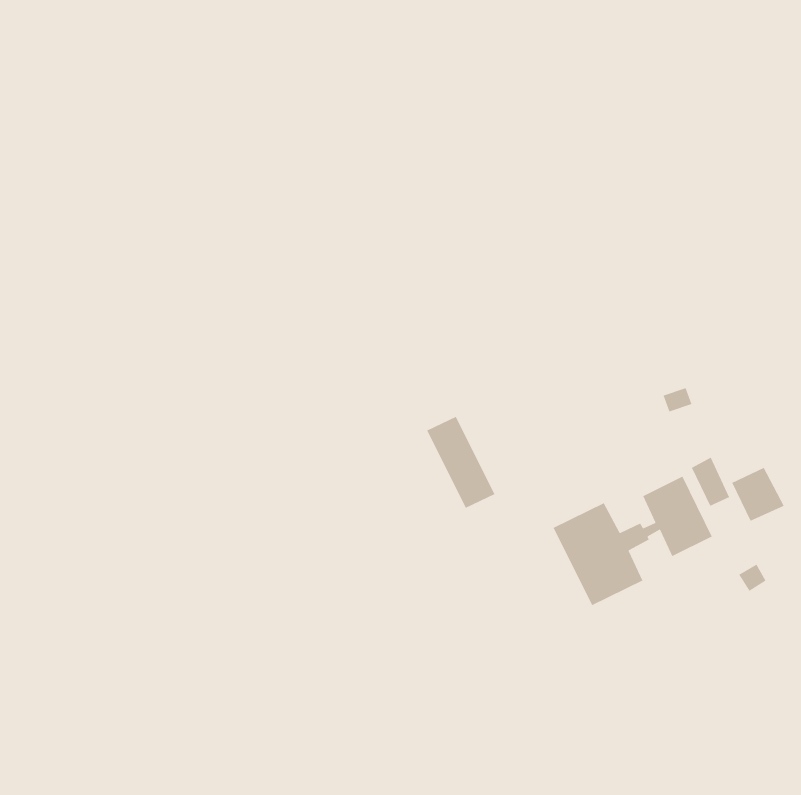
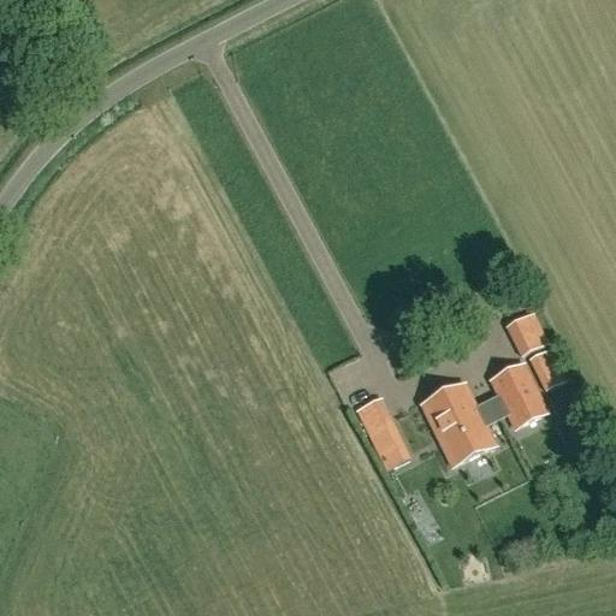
building: [426,416,495,509] -> [355,396,408,467]
building: [731,467,785,522] -> [505,312,546,354]

